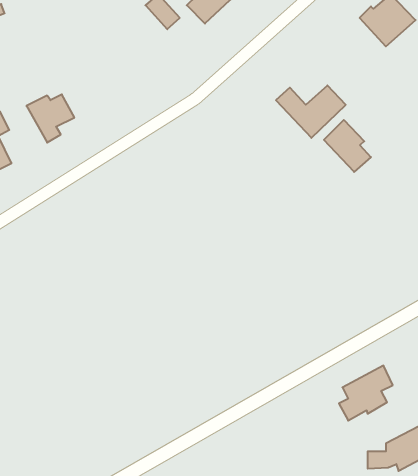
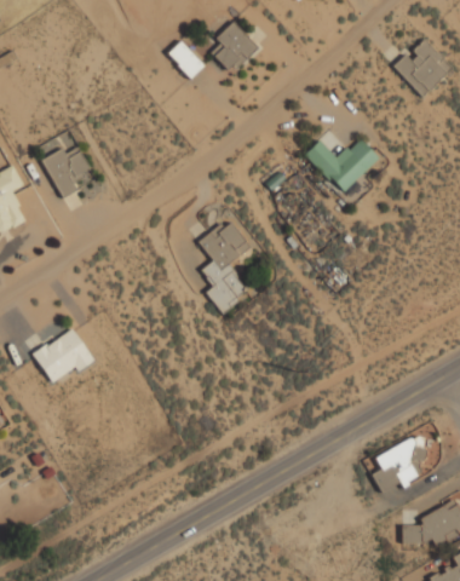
building: [324,120,371,172] -> none
building: none -> [200,219,252,309]
building: none -> [34,328,96,382]

